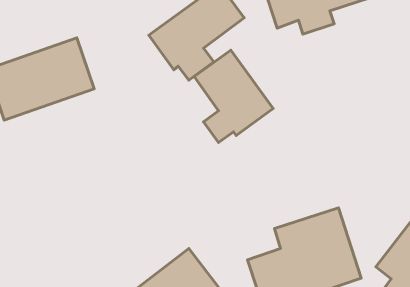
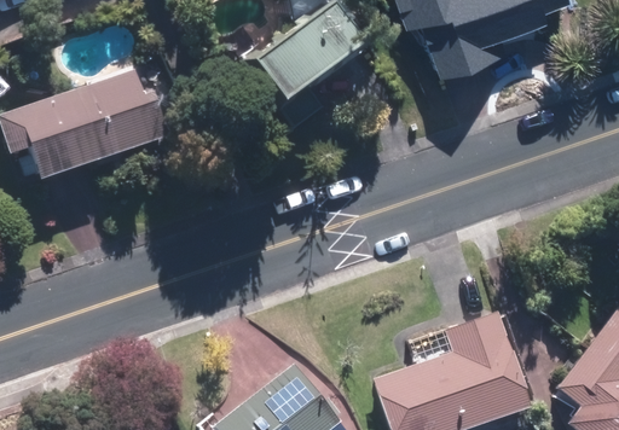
building: [194,50,273,143] -> none

